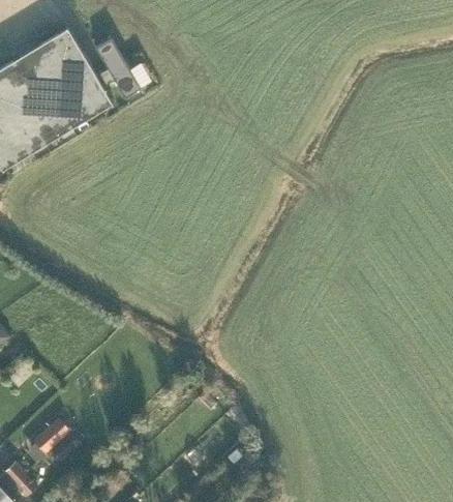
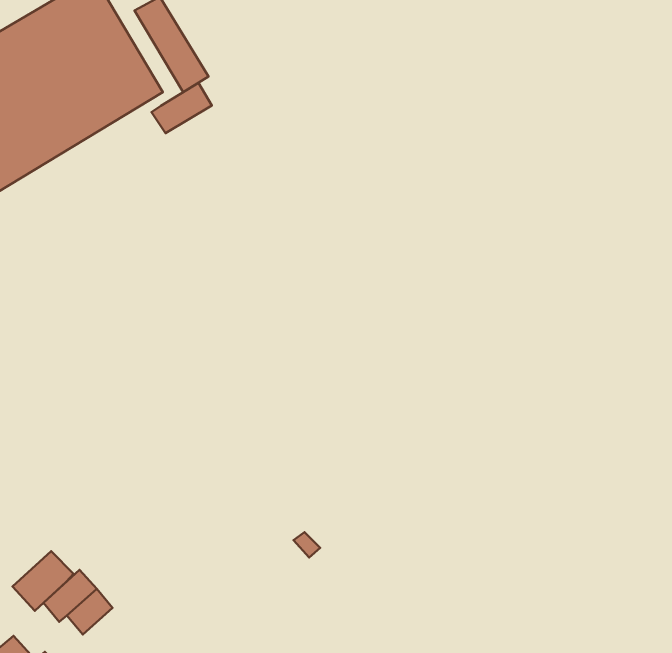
building: none -> [152,83,212,133]
building: none -> [12,551,73,611]

